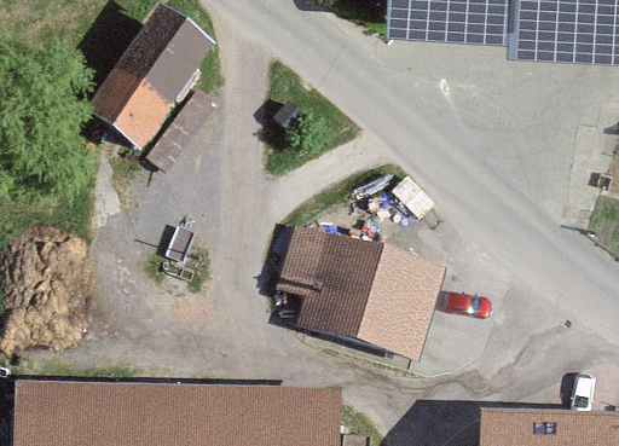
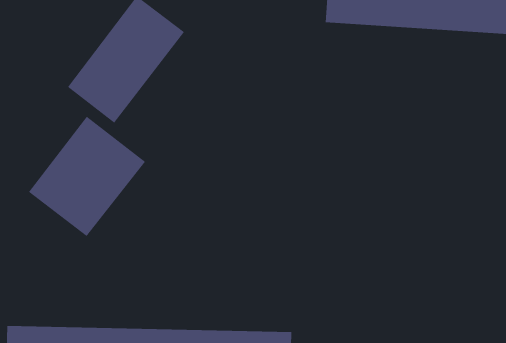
building: none -> [28,116,146,237]
building: [274,221,447,360] -> none

